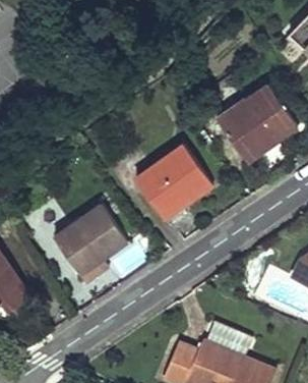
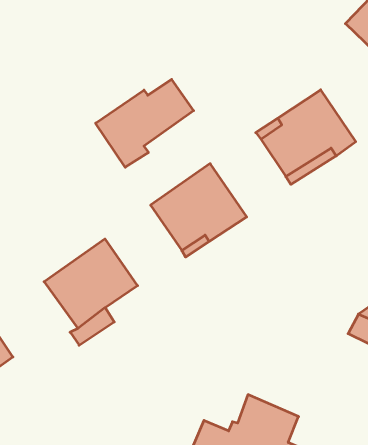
building: none -> [96,79,194,167]

